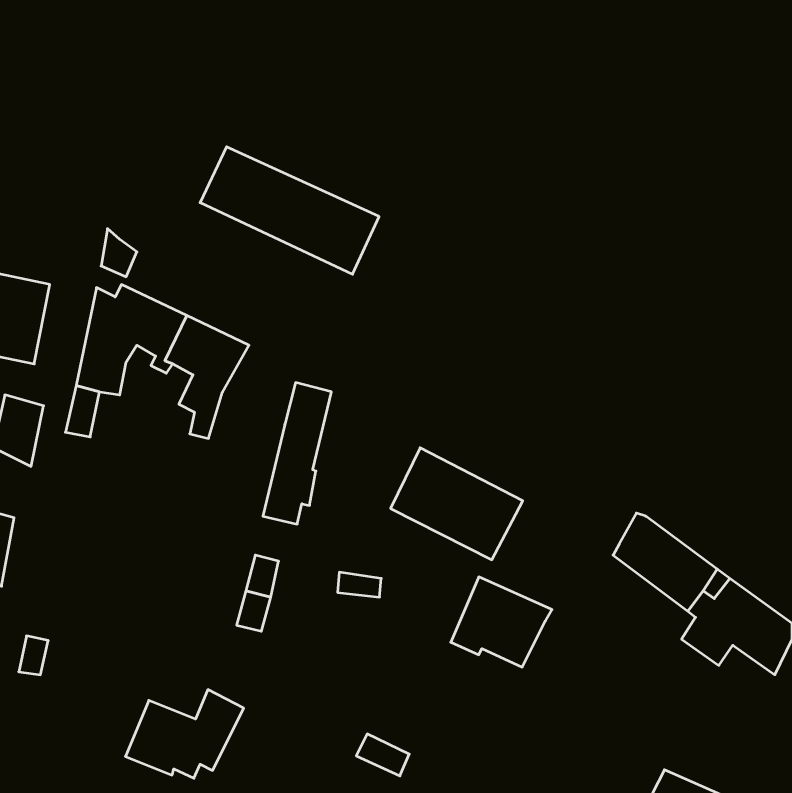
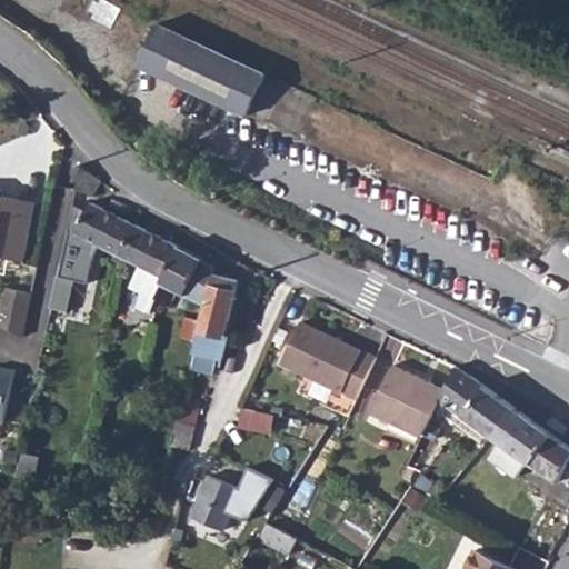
building: [200,147,379,274] -> [136,24,263,116]
building: none -> [159,248,212,305]
building: [451,577,552,667] -> [370,367,442,431]
building: [125,690,244,778] -> [187,469,271,532]

